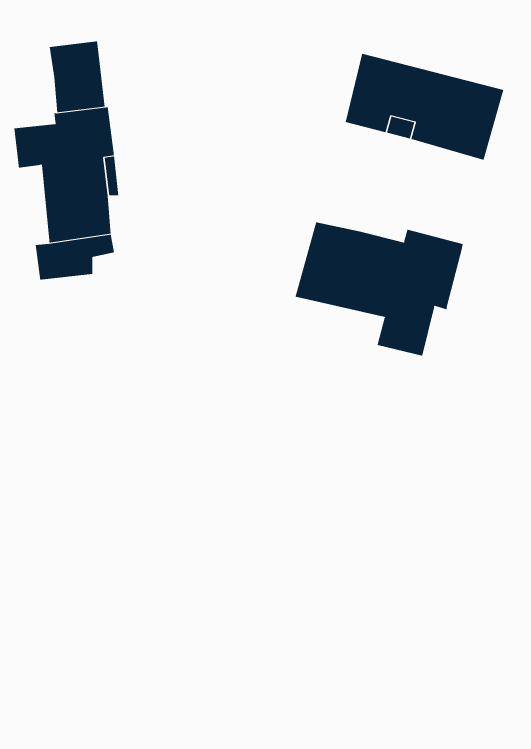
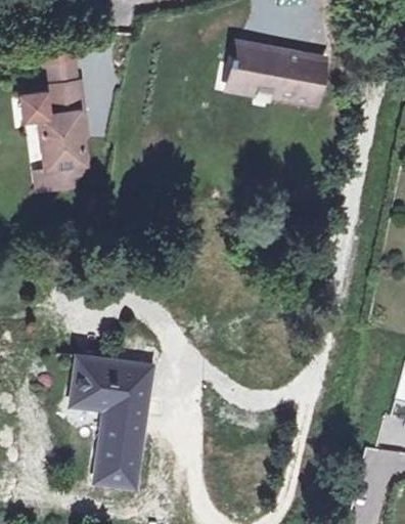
building: [295,222,463,357] -> none
building: none -> [70,355,147,485]

